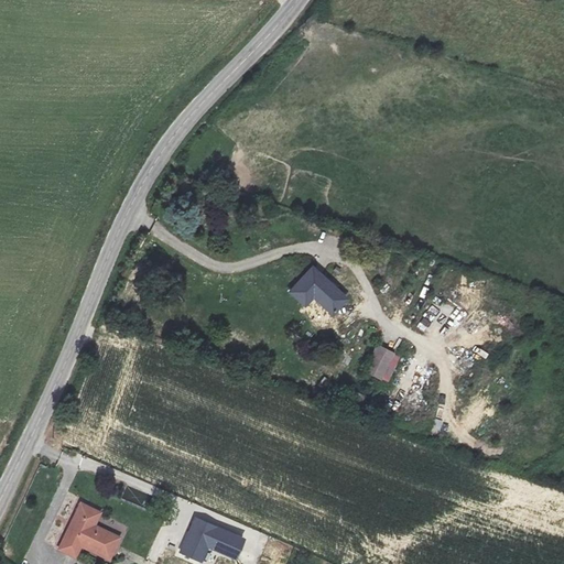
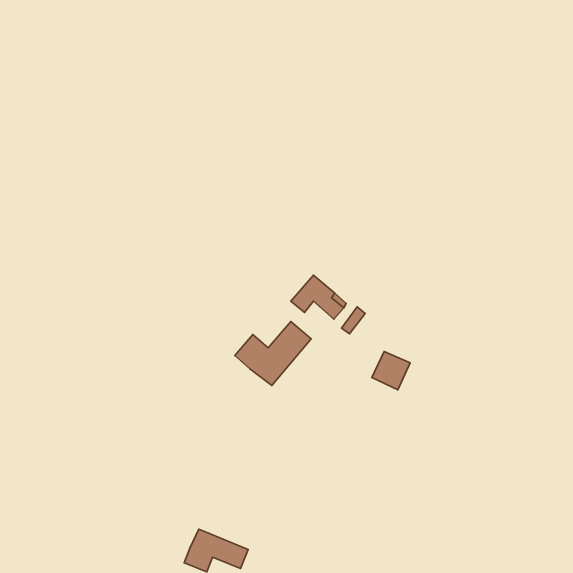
building: none -> [235,321,311,386]
building: [59,499,120,553] -> none

